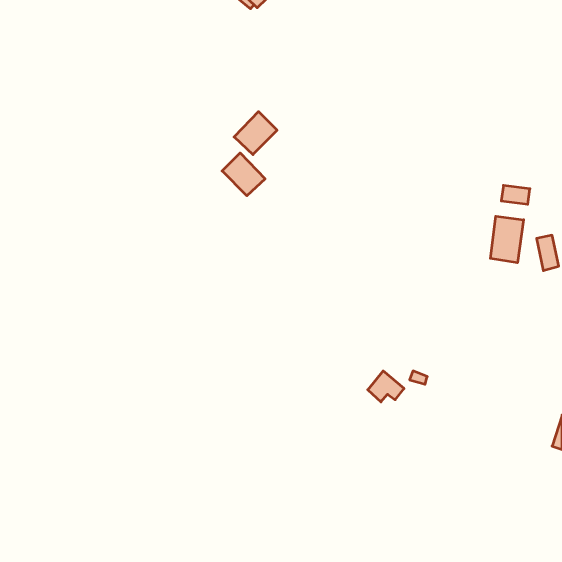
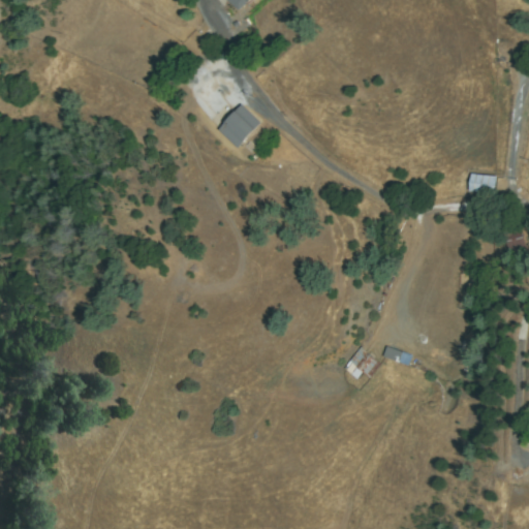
building: [222,153,265,196] -> none
building: [490,216,524,263] -> none

